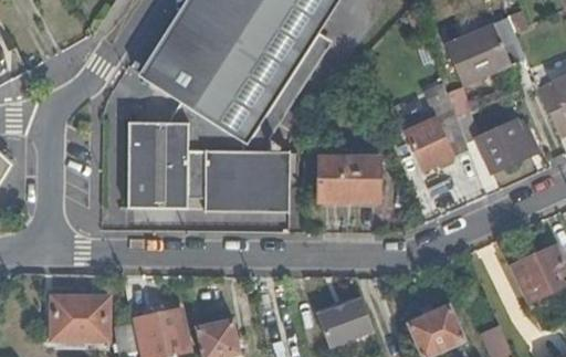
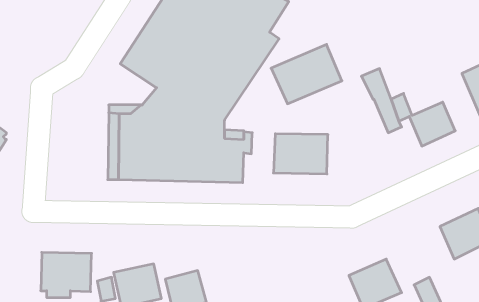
building: [442,17,524,85] -> [271,44,342,104]
building: [403,117,451,169] -> none
building: [317,298,374,346] -> none

